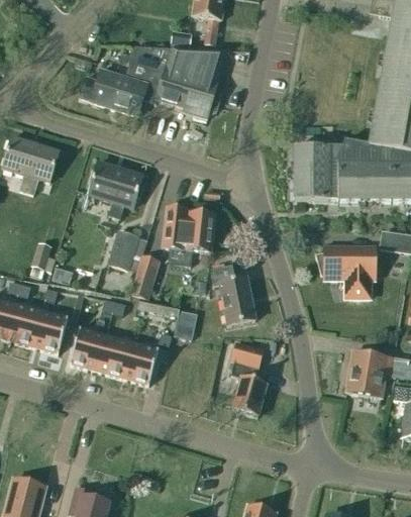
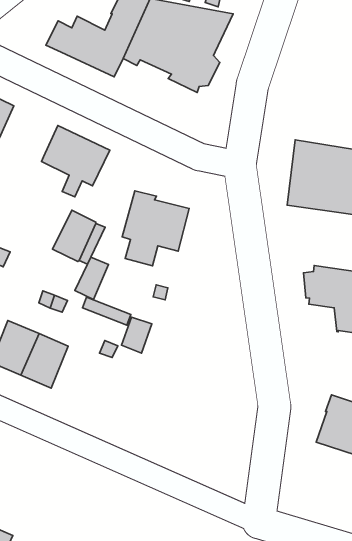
building: [210,264,255,324] -> none
building: [123,341,159,385] -> none
building: [231,341,268,415] -> none

